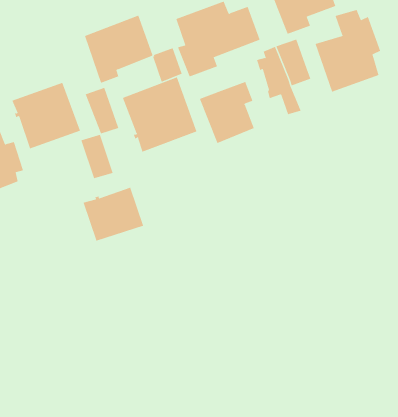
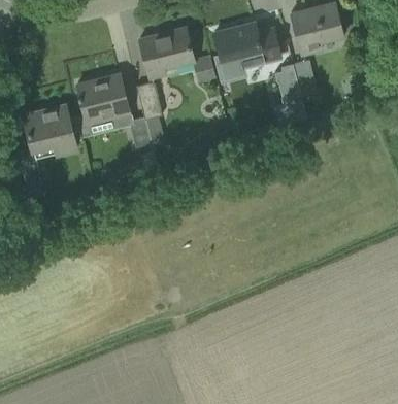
building: [315,9,381,93] -> none
building: [122,77,197,153] -> none
building: [199,81,254,144] -> none
building: [83,187,144,242] -> none

